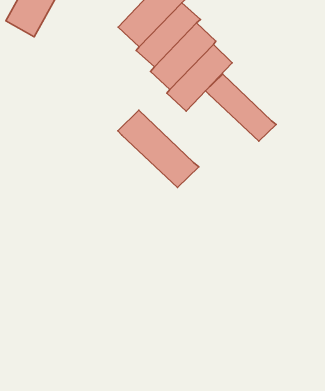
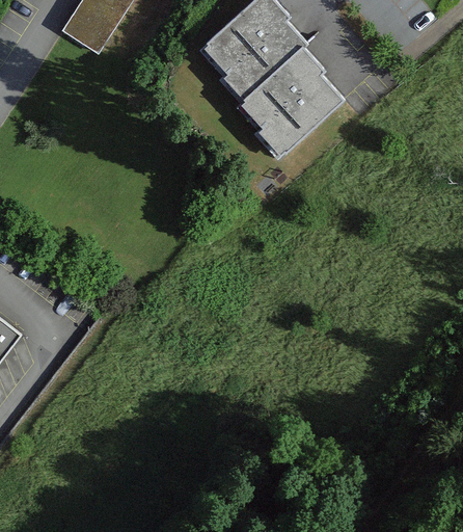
building: [206,74,276,141] -> none
building: [118,110,199,188] -> none

